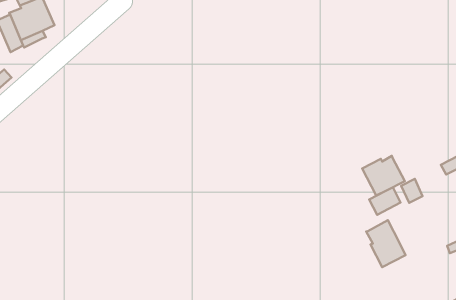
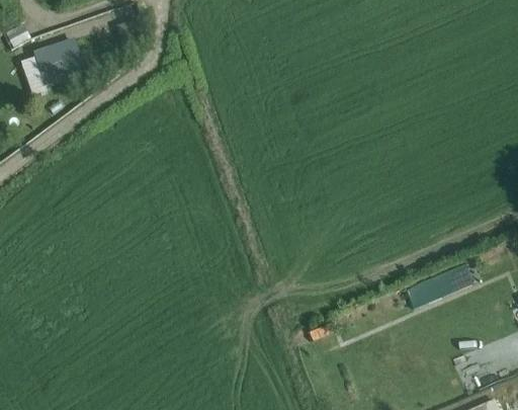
building: [362,156,405,195] -> none
building: [366,220,406,267] -> none

